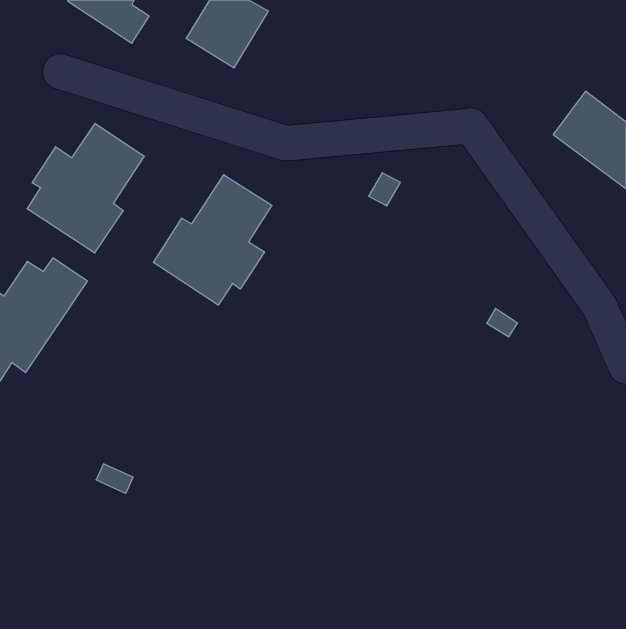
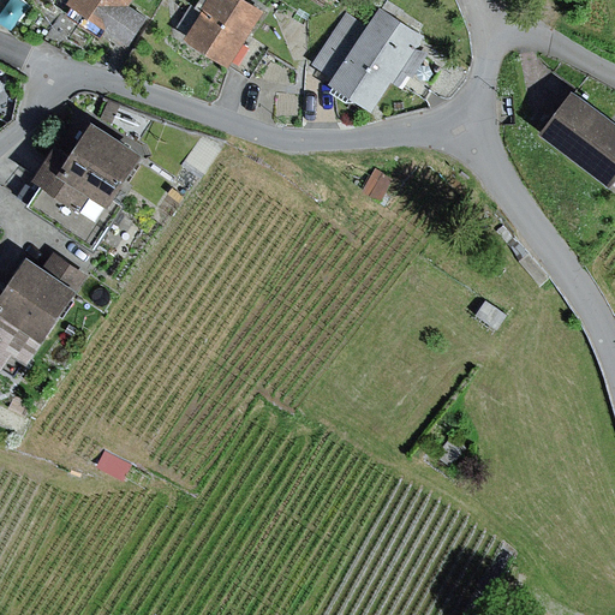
building: none -> [310,7,425,109]
building: [153,175,272,305] -> none

